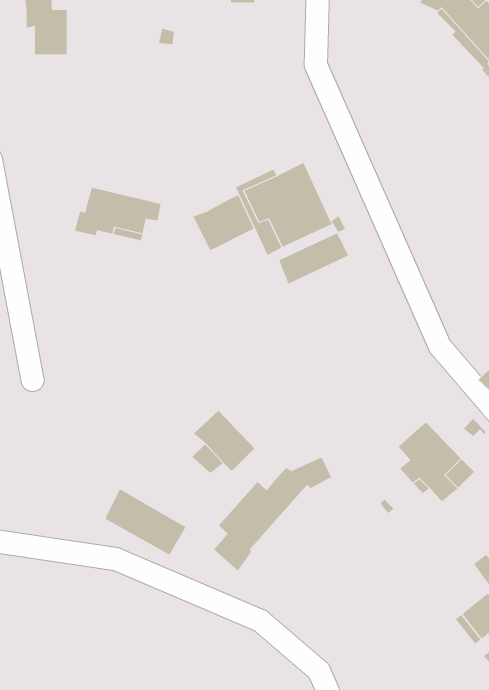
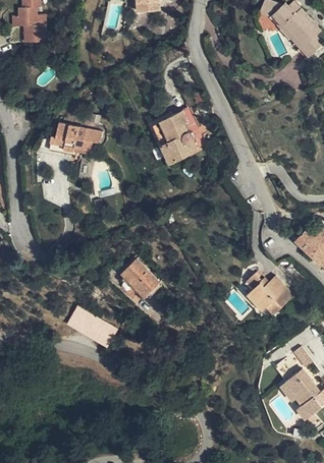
building: [192,195,254,251] -> none
building: [278,232,349,285] -> none
building: [213,456,332,571] -> none

